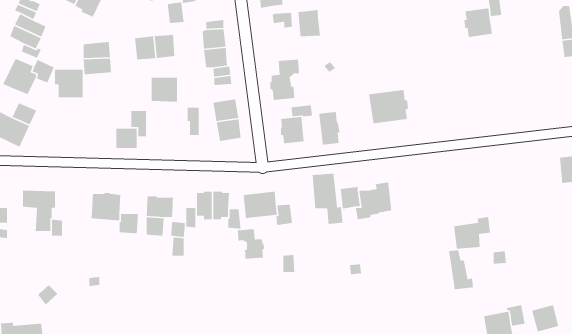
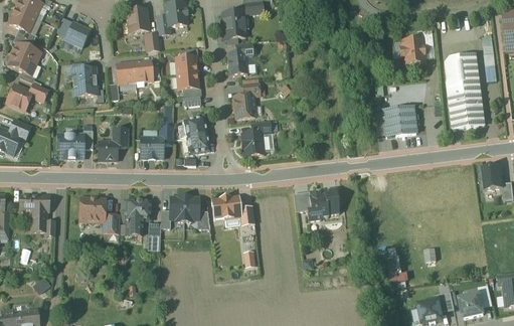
building: [297,9,321,37] -> [227,50,247,74]
building: none -> [446,53,485,128]
building: [54,69,83,98] -> [61,133,87,158]
building: [151,77,178,103] -> [141,136,164,158]
building: [368,89,409,124] -> [382,106,417,136]
building: [318,111,340,145] -> none
building: [312,173,344,225] -> none
building: [453,216,491,250] -> none
building: [237,228,265,259] -> none

